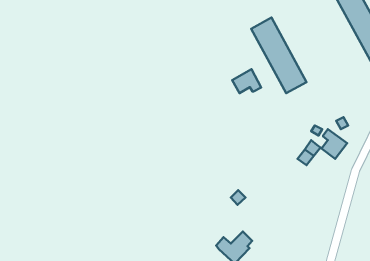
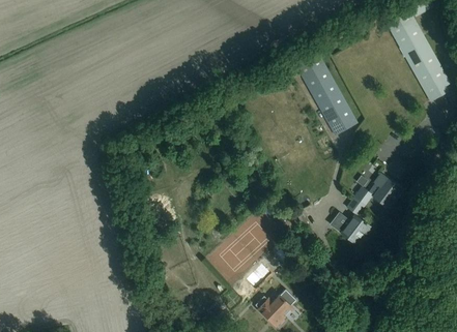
building: [232,69,261,93] -> none
building: none -> [334,215,370,243]

